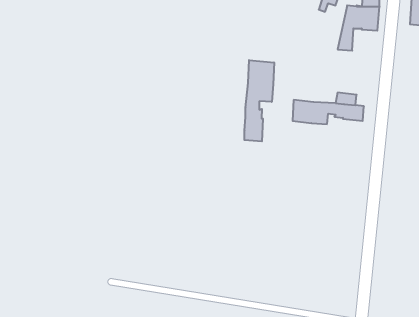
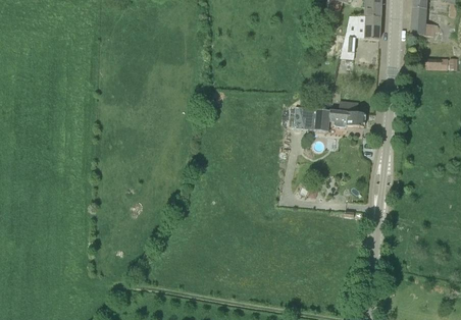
building: [244,60,274,141] -> none

